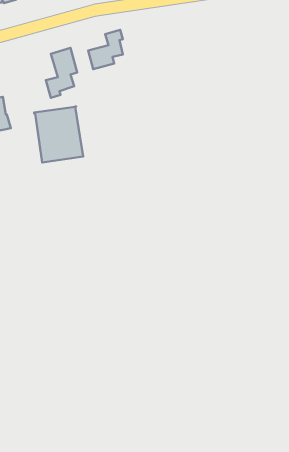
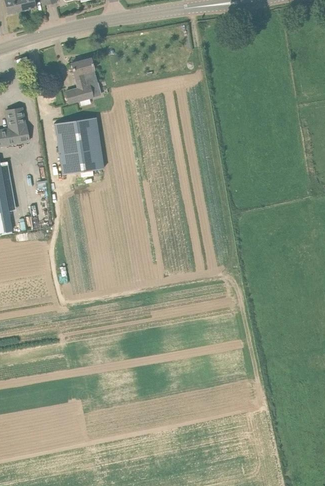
building: [88,30,123,69] -> none

